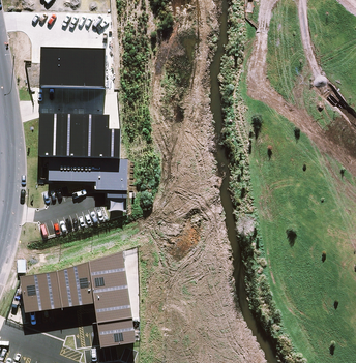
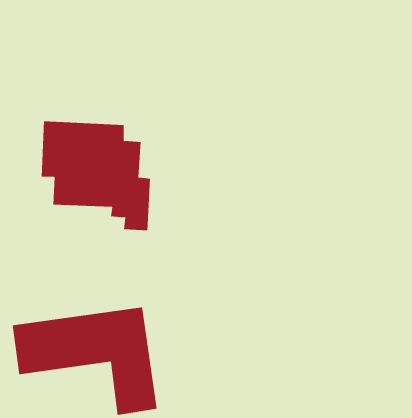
building: [41,49,103,88] -> none

